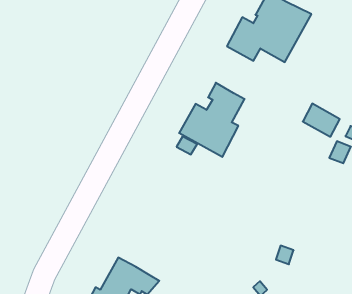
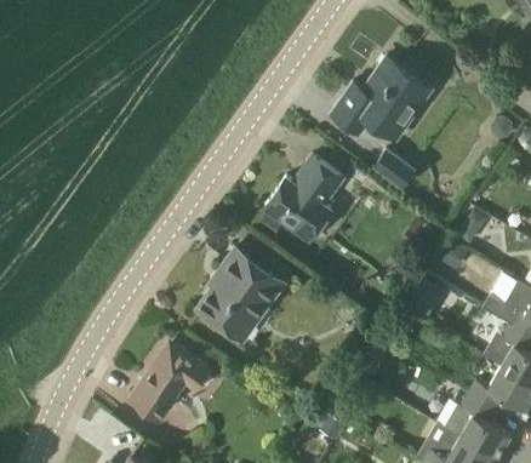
building: [303,104,340,137] -> [372,148,416,189]
building: none -> [198,250,285,342]

